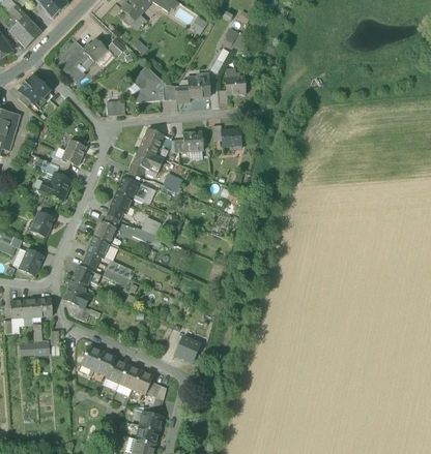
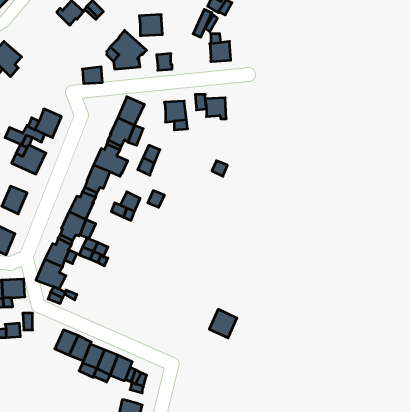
building: [56,42,93,82] -> none
building: [188,78,209,97] -> [139,15,162,36]
building: [174,335,200,362] -> [209,309,237,338]

